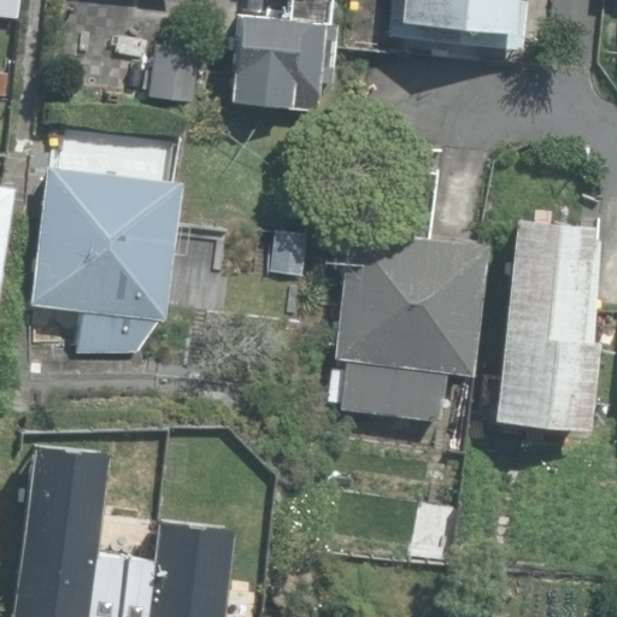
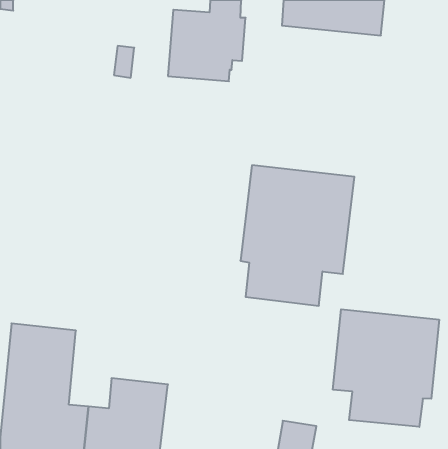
building: [36,171,181,362] -> none
building: [495,218,603,430] -> none
building: none -> [333,309,439,427]

